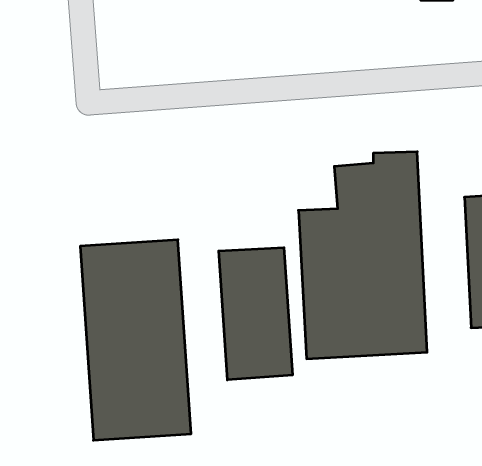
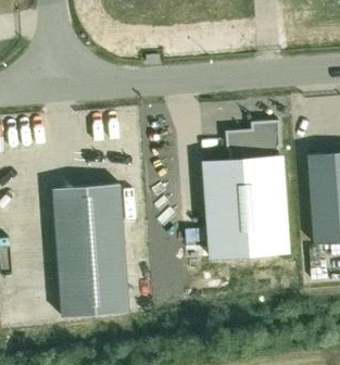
building: [219,248,292,380] -> none

